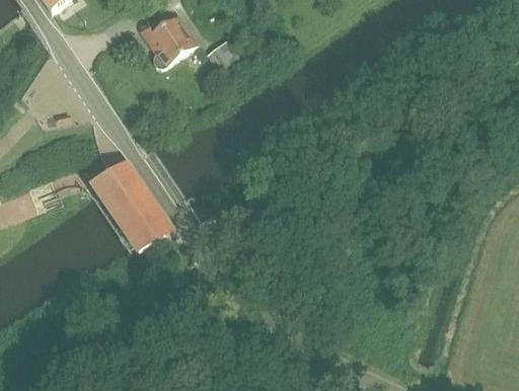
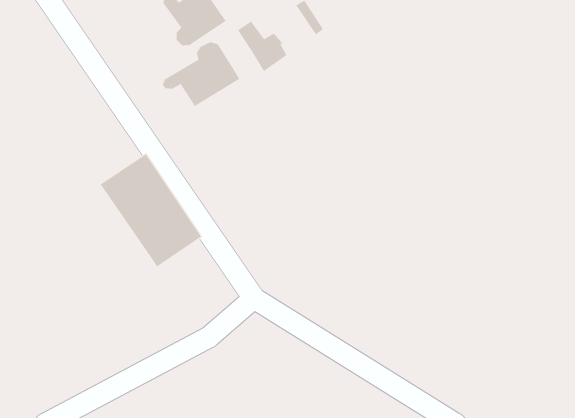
building: none -> [162,42,240,107]

